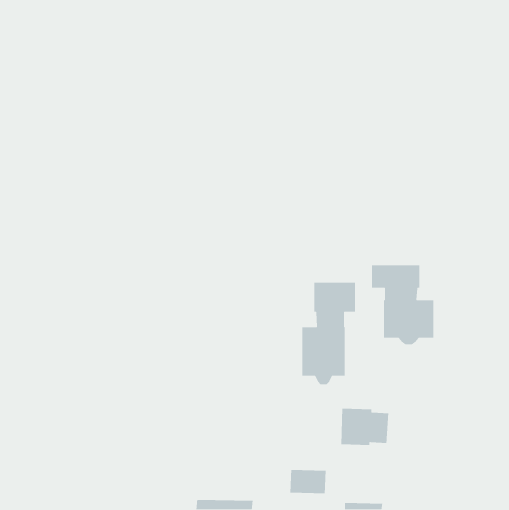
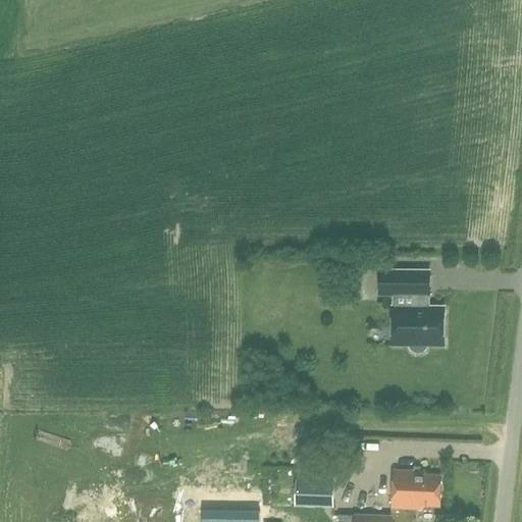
building: [302,282,356,385] -> none
building: [340,408,389,446] -> [392,472,441,511]

